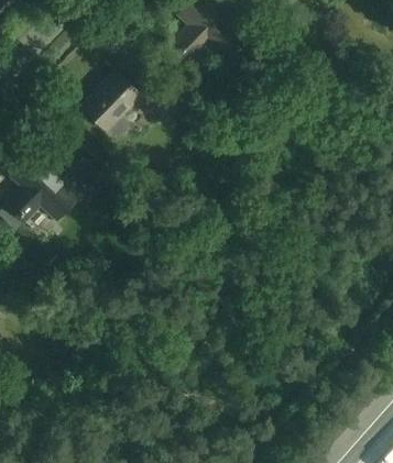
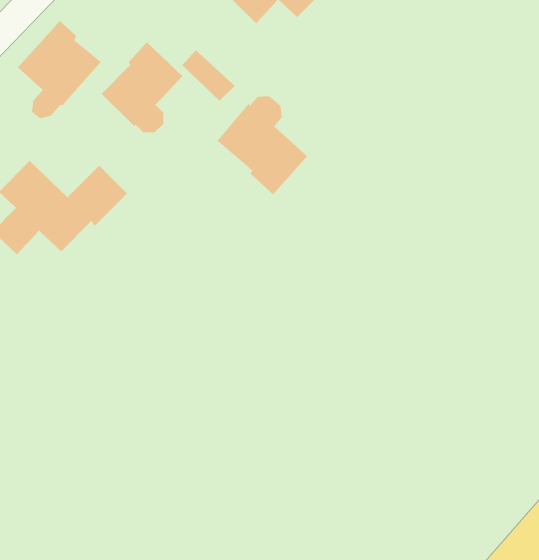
building: none -> [17,20,102,119]
building: none -> [217,96,308,195]

